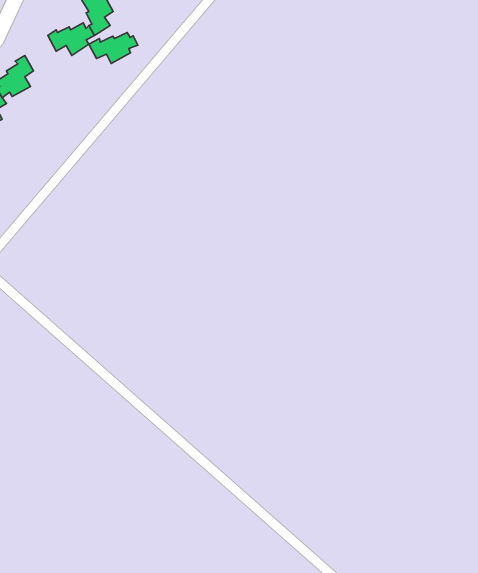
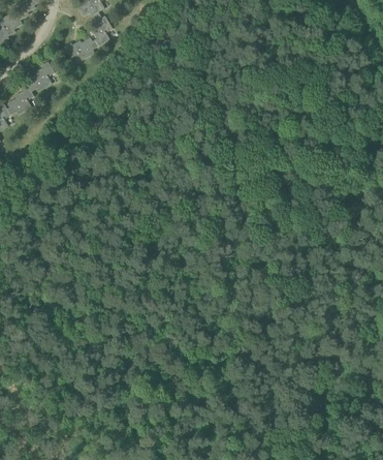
building: [89,33,138,63] -> none

